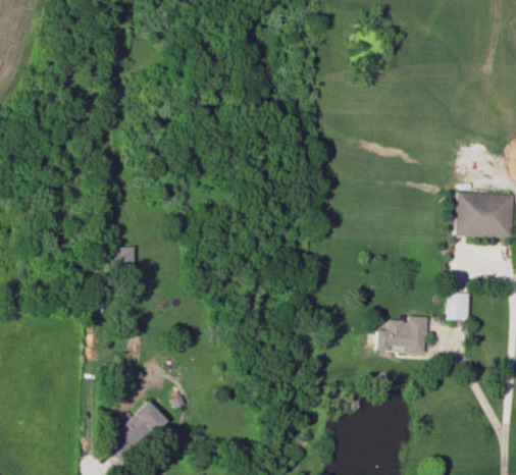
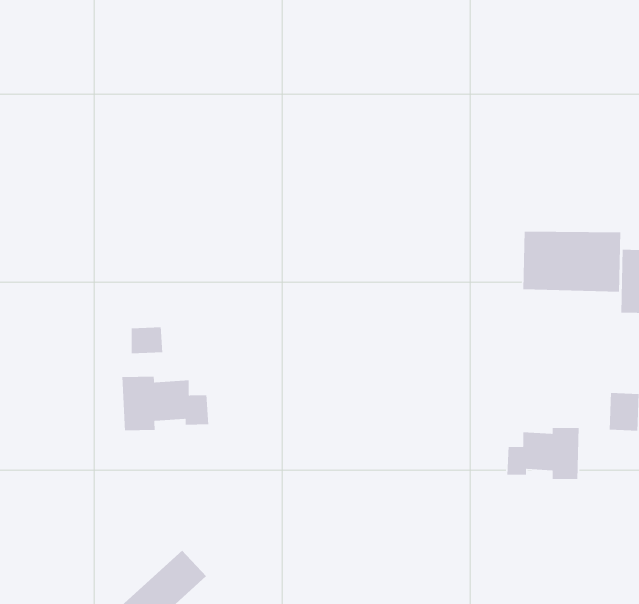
building: none -> [522,231,621,292]
building: none -> [122,376,209,431]

